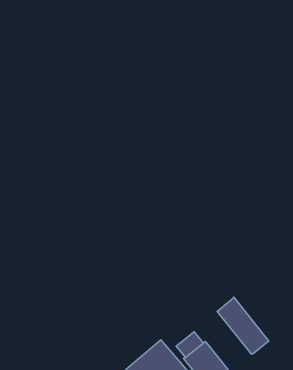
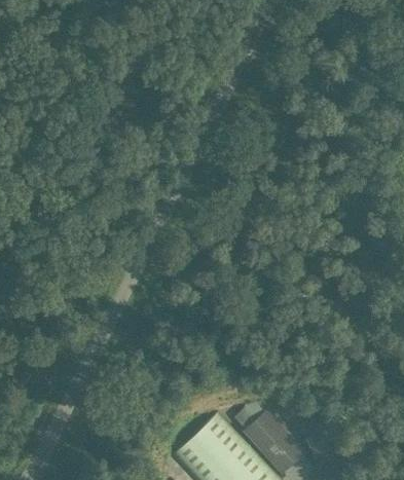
building: [217,297,269,354] -> none

